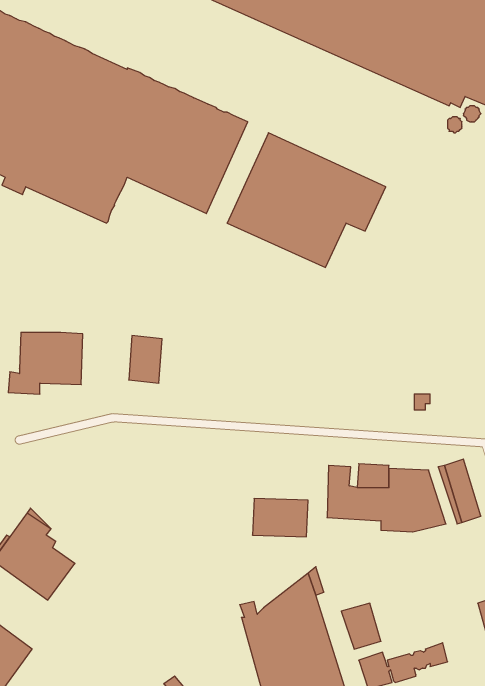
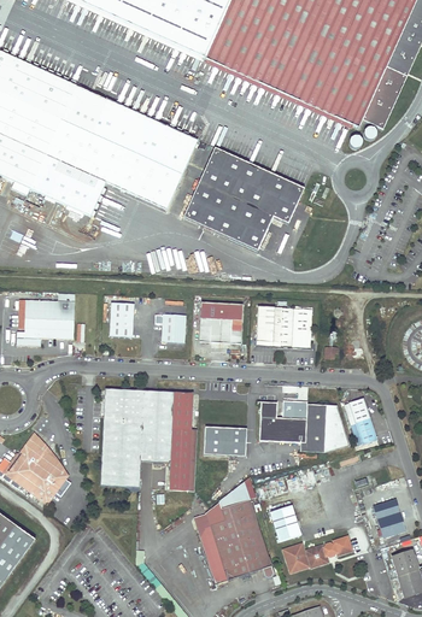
building: none -> [199,300,242,342]
building: none -> [257,305,311,346]
building: none -> [154,312,186,341]
building: none -> [100,389,191,489]

